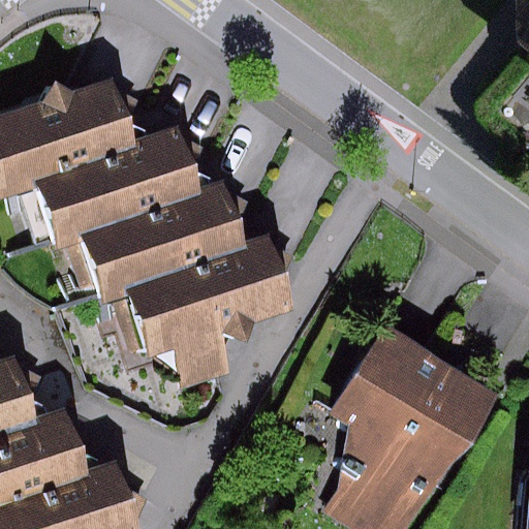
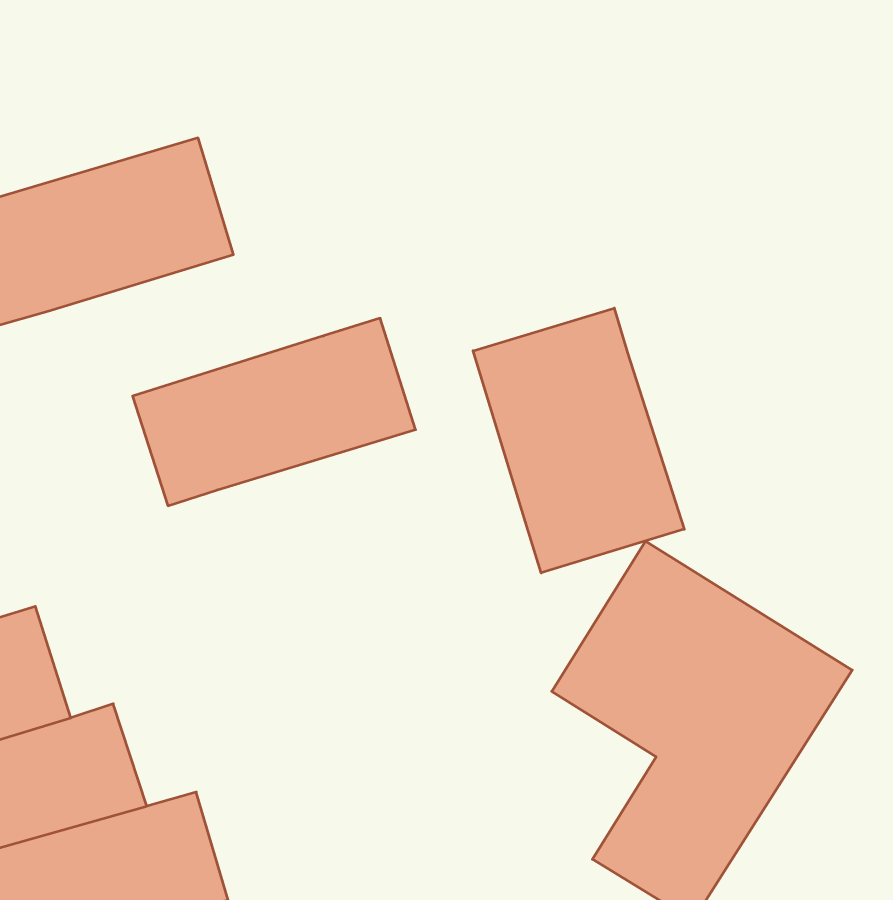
building: [28,139,189,243] -> none
building: none -> [473,308,684,573]
building: [127,246,284,381] -> none

